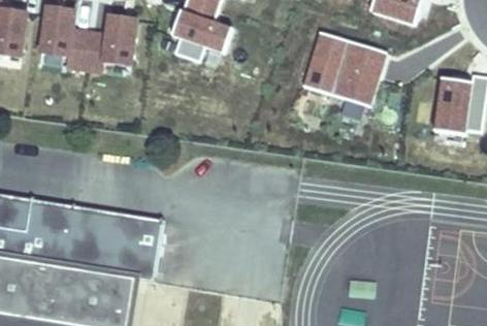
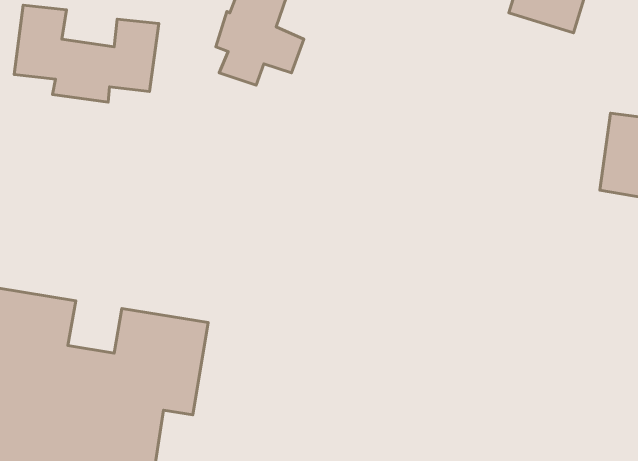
building: [301,32,385,107] -> none
building: [75,205,111,240] -> none

